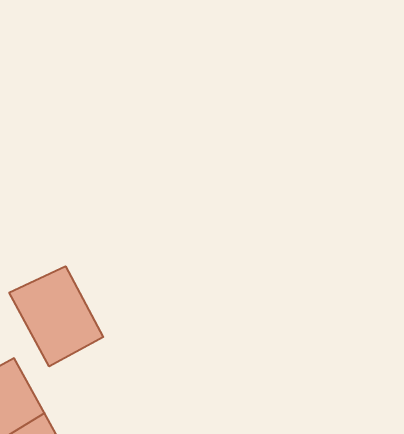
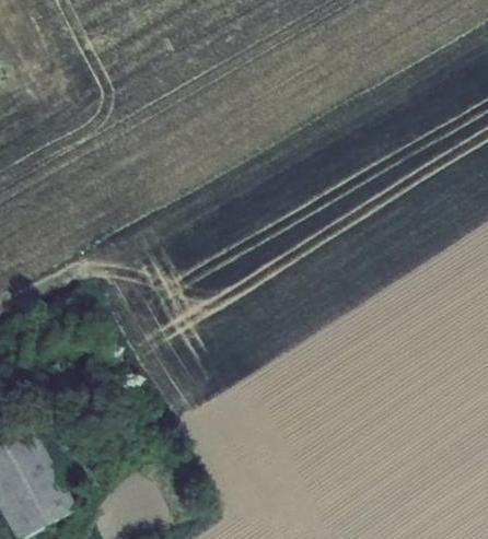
building: [9,266,103,366] -> none

